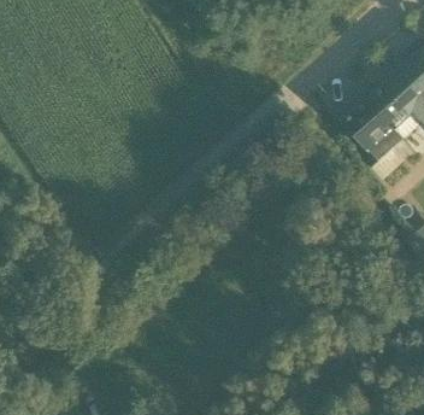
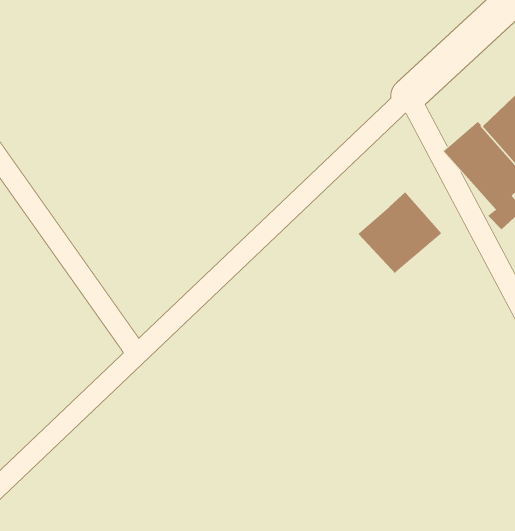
building: none -> [358,192,442,275]

